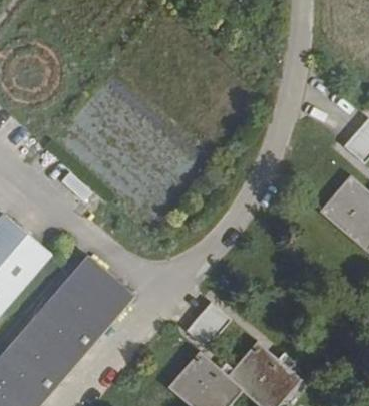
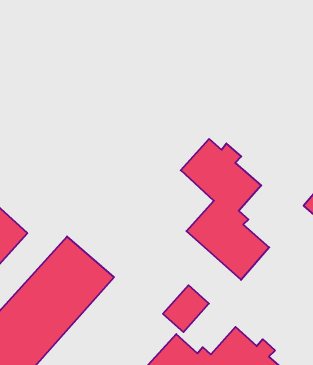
building: none -> [181,139,269,280]

